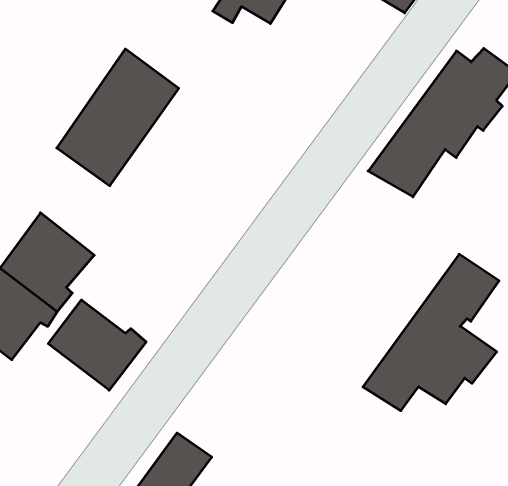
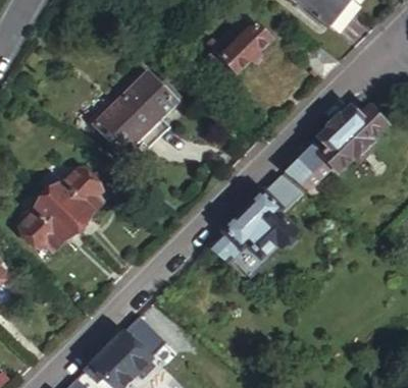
building: [363,254,499,411] -> [211,173,306,265]
building: [48,300,146,390] -> none

